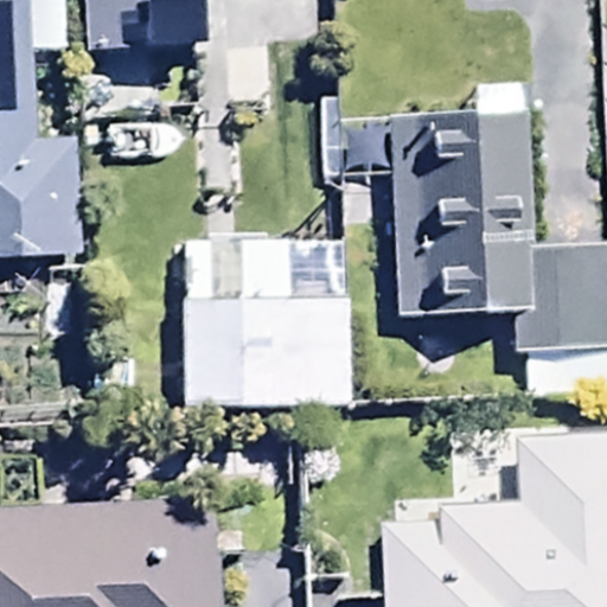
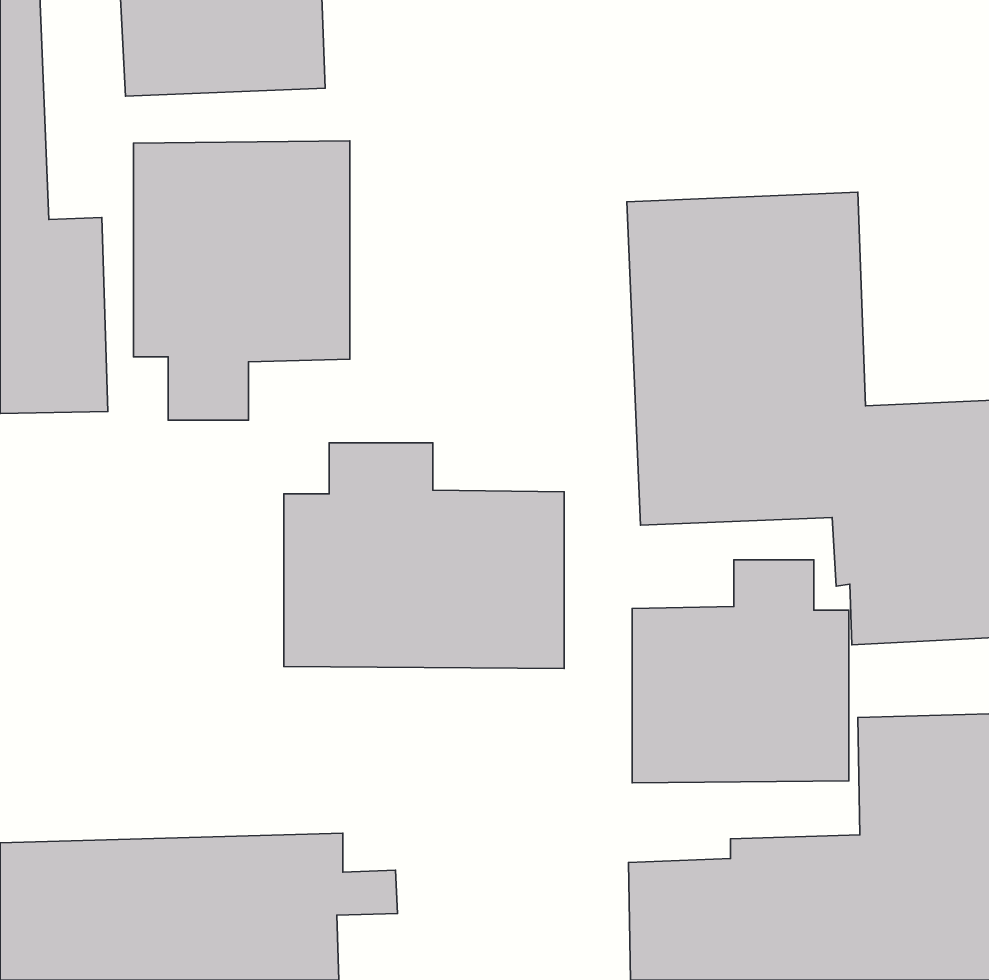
building: none -> [133,141,350,420]
building: none -> [632,560,849,783]

